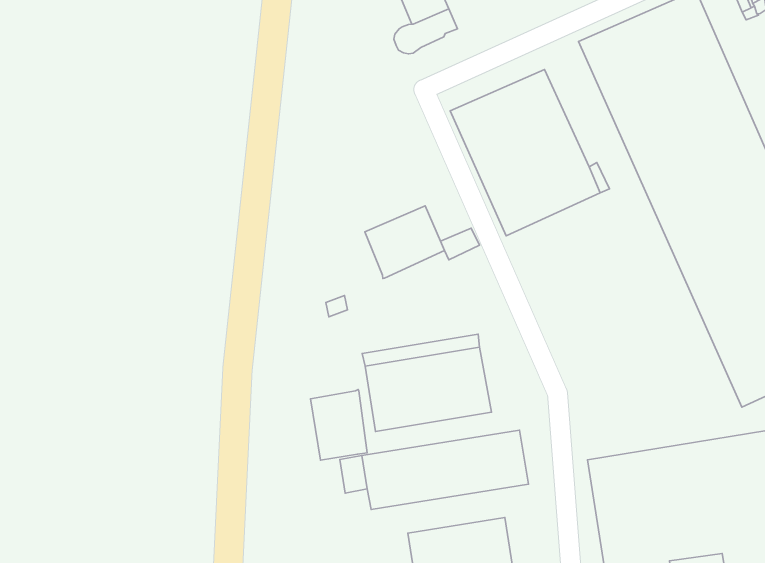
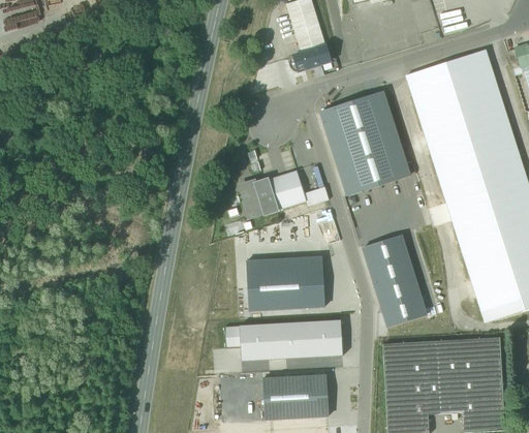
building: none -> [243,181,264,216]
building: none -> [362,235,427,327]
building: [311,389,367,460] -> none

